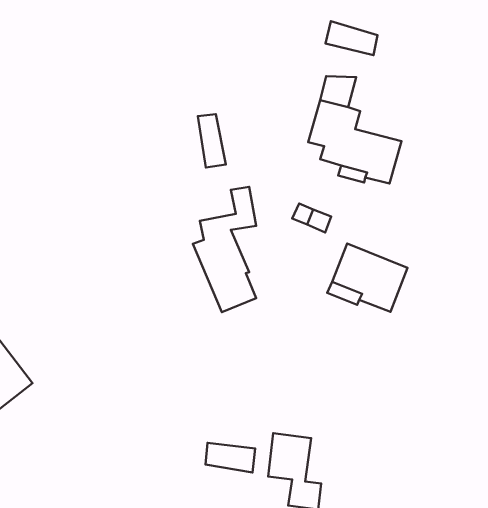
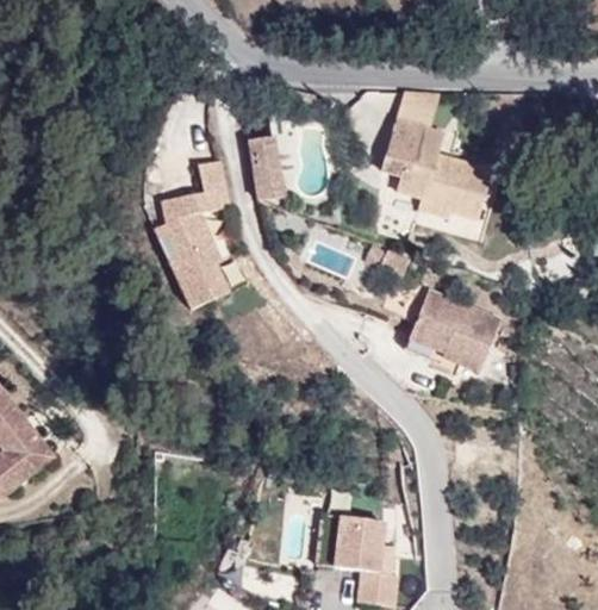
building: [326,21,378,55] -> none
building: [193,187,256,312] -> [154,160,229,309]
building: [206,443,255,473] -> none

